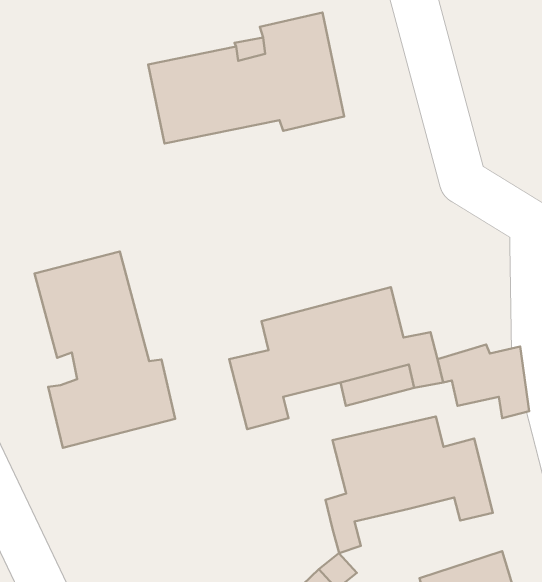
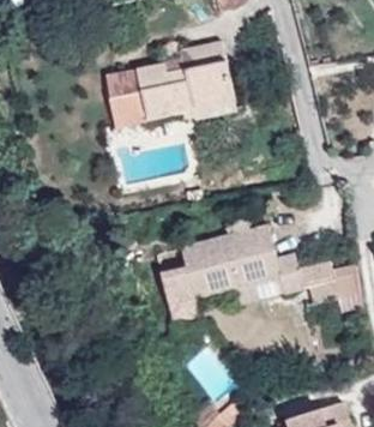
building: [35,251,175,448] -> none
building: [325,416,493,553] -> none

